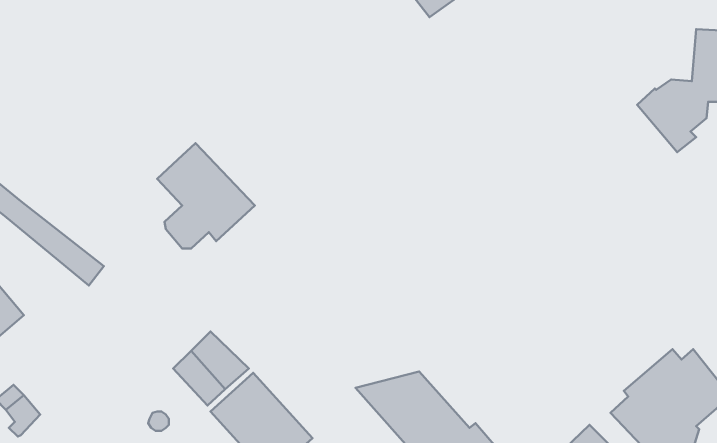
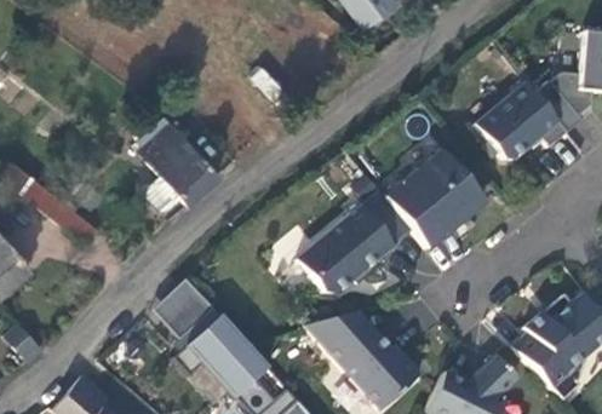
building: none -> [474,81,566,160]
building: none -> [383,150,482,247]
building: none -> [296,206,392,293]

